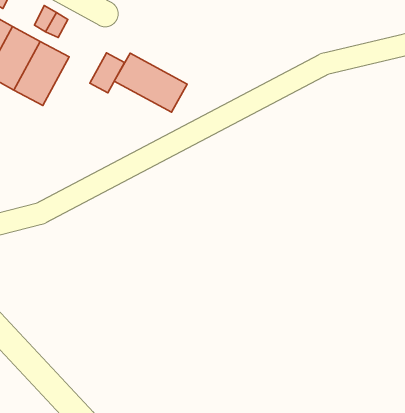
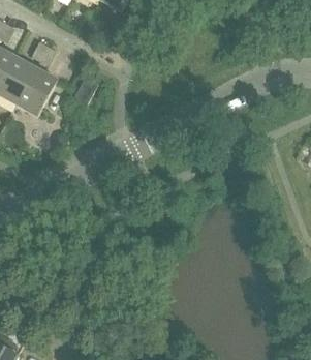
building: [114,53,187,112] -> none

